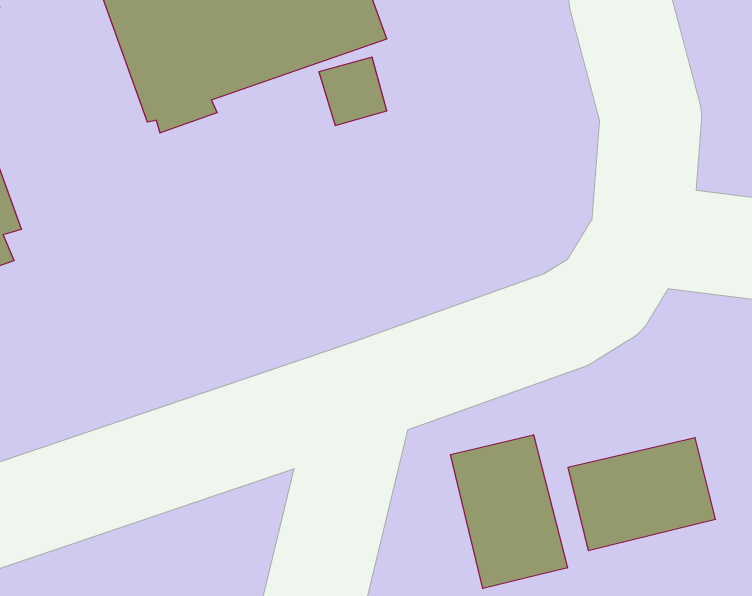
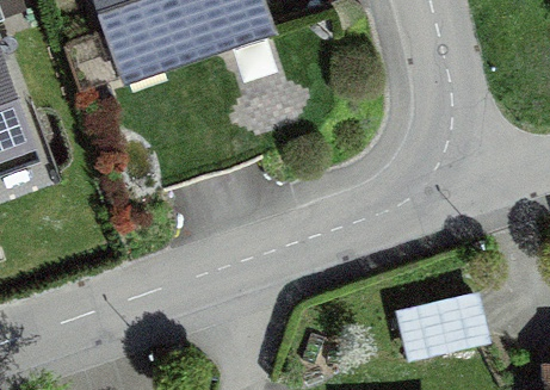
building: [450,435,568,589] -> none

